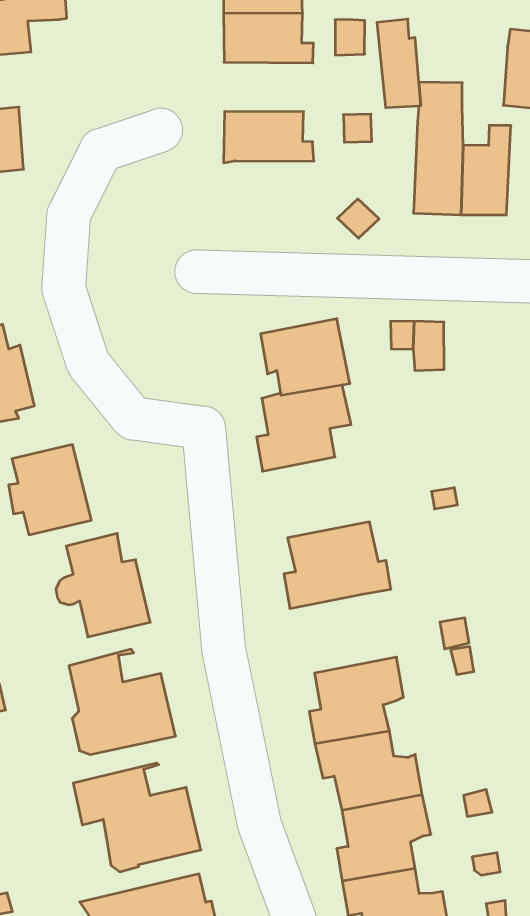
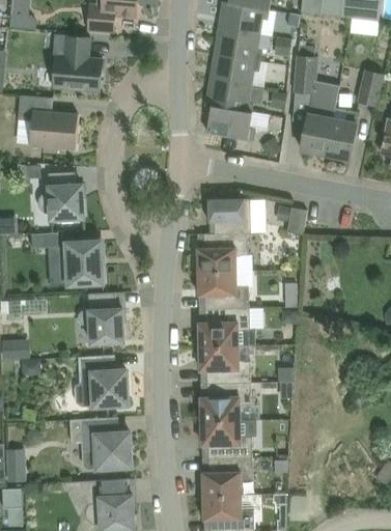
building: none -> [210,53,260,86]
building: none -> [206,106,254,140]
building: none -> [197,271,249,309]
building: none -> [199,345,251,383]

